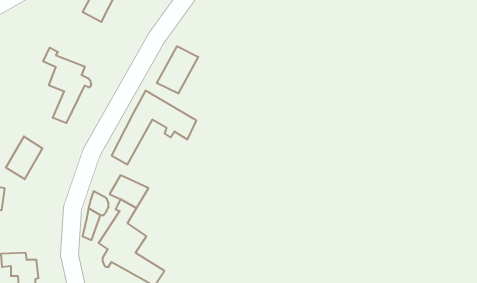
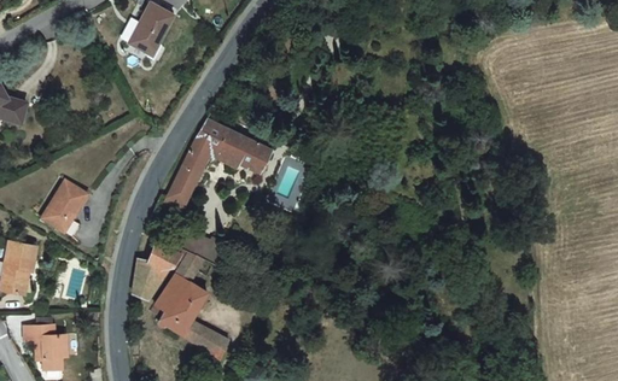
building: [157,46,198,94] -> none
building: [43,48,91,123] -> none

